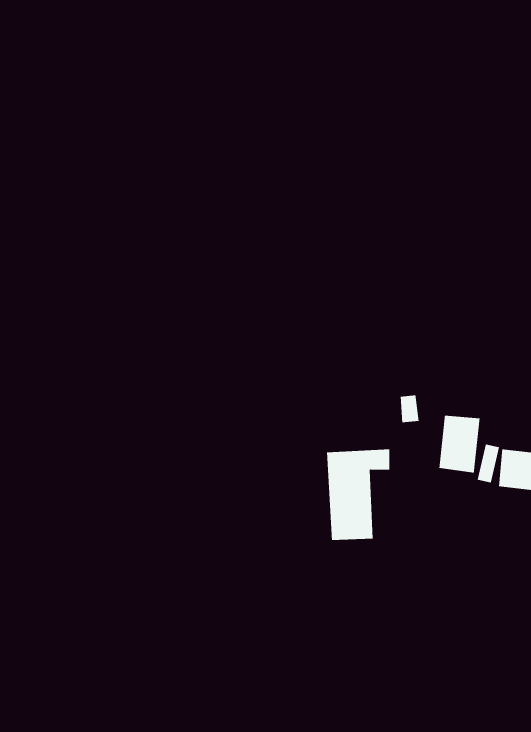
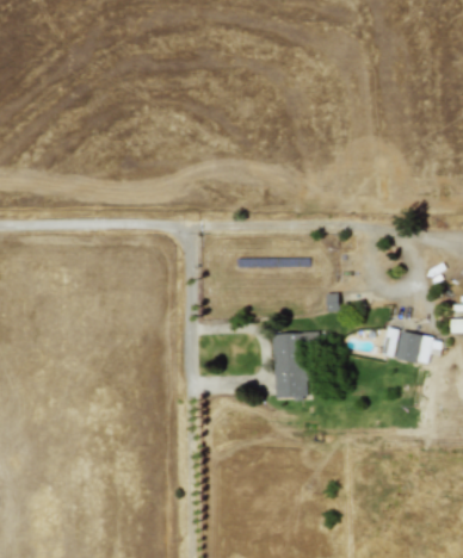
building: [439,415,480,473] -> none

